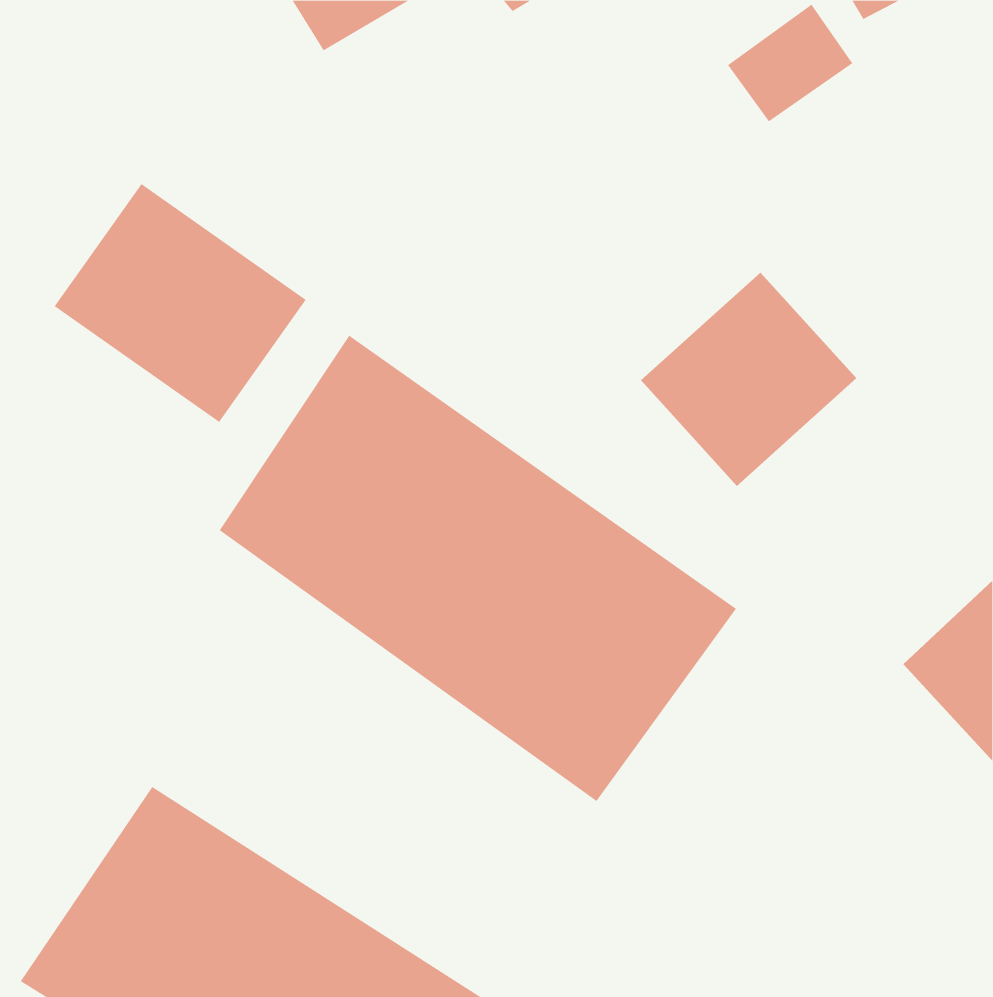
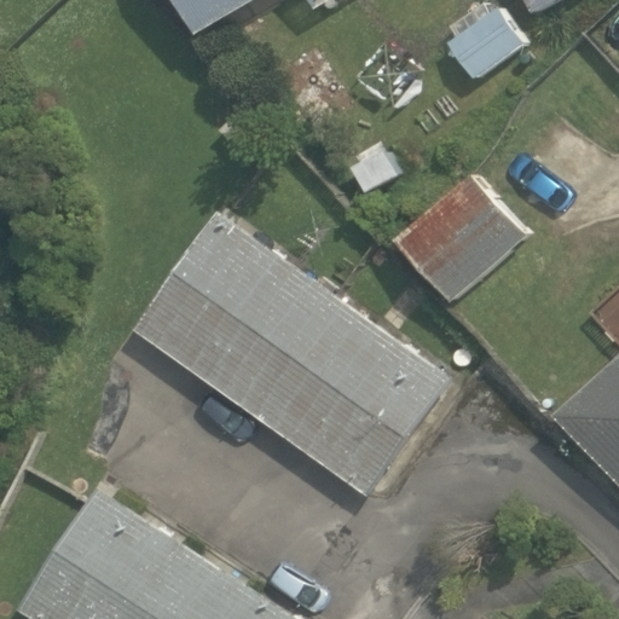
building: [54,183,307,423] -> none

